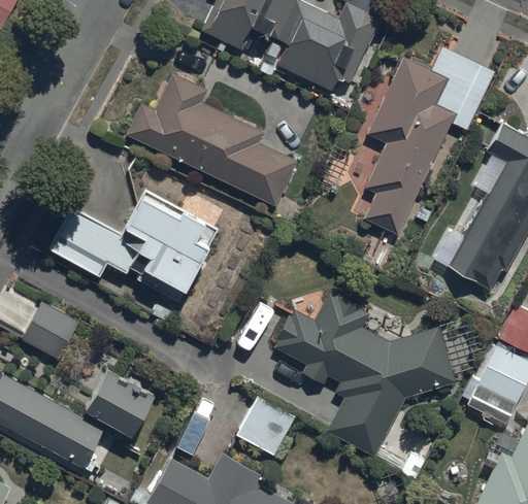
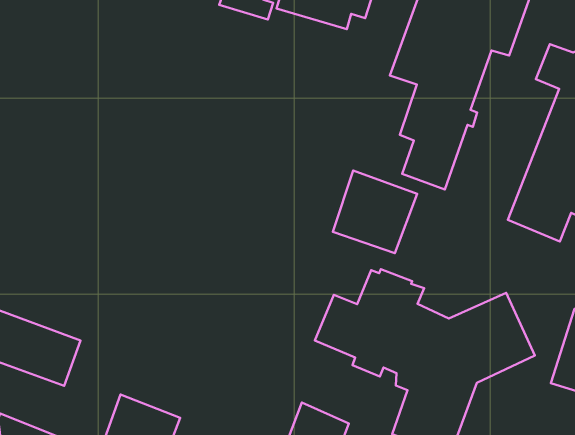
building: [125,72,296,207] -> none
building: [50,189,224,301] -> none
building: none -> [333,171,417,253]

